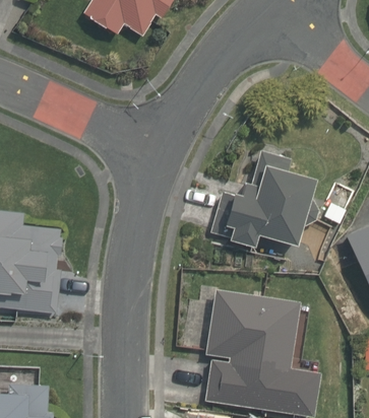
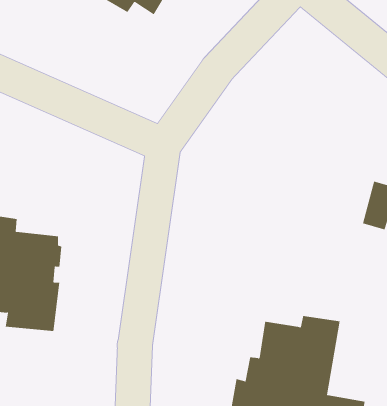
building: [207,162,325,252] -> none

